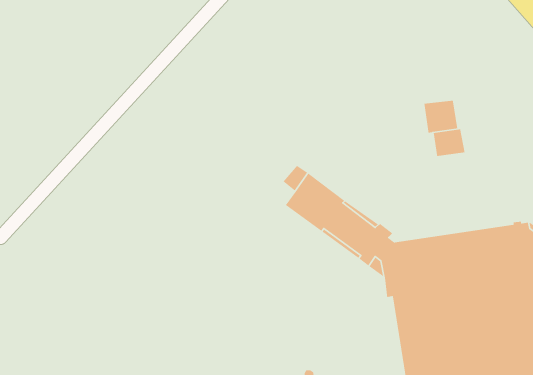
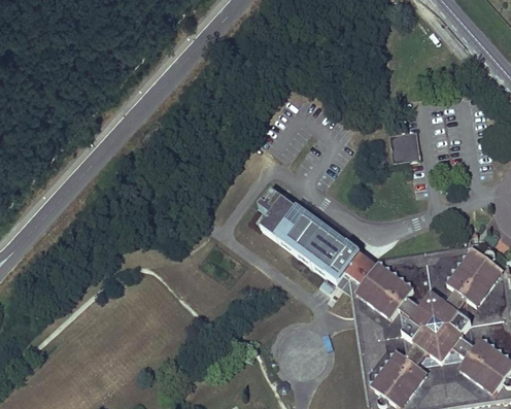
building: [433,129,465,157] -> none

